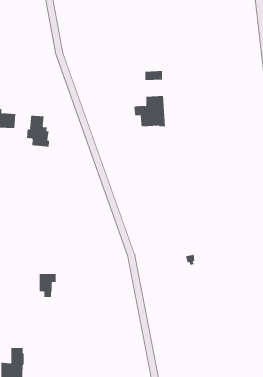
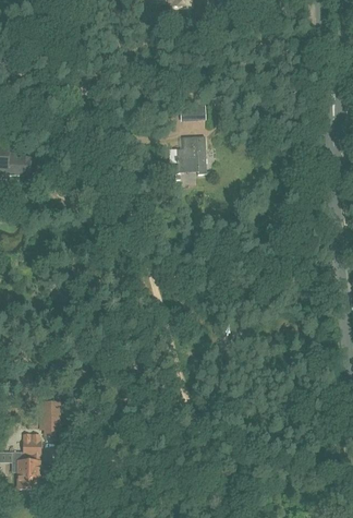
building: [26,115,50,147] -> none
building: [39,273,56,297] -> [40,405,61,433]

